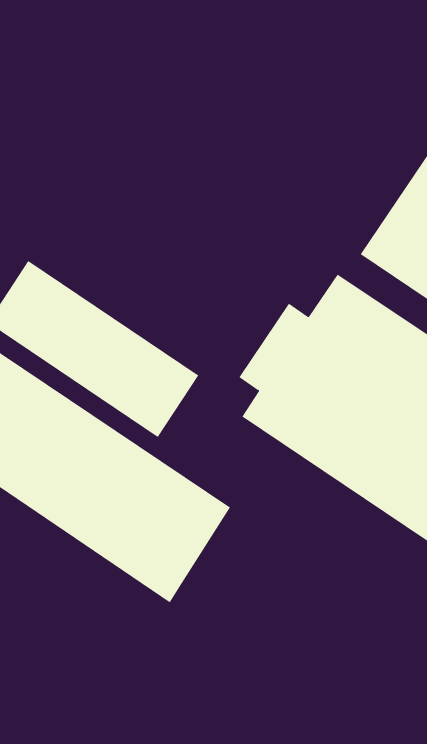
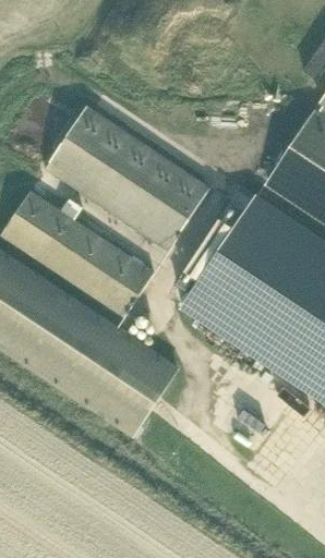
building: none -> [44,106,208,250]

